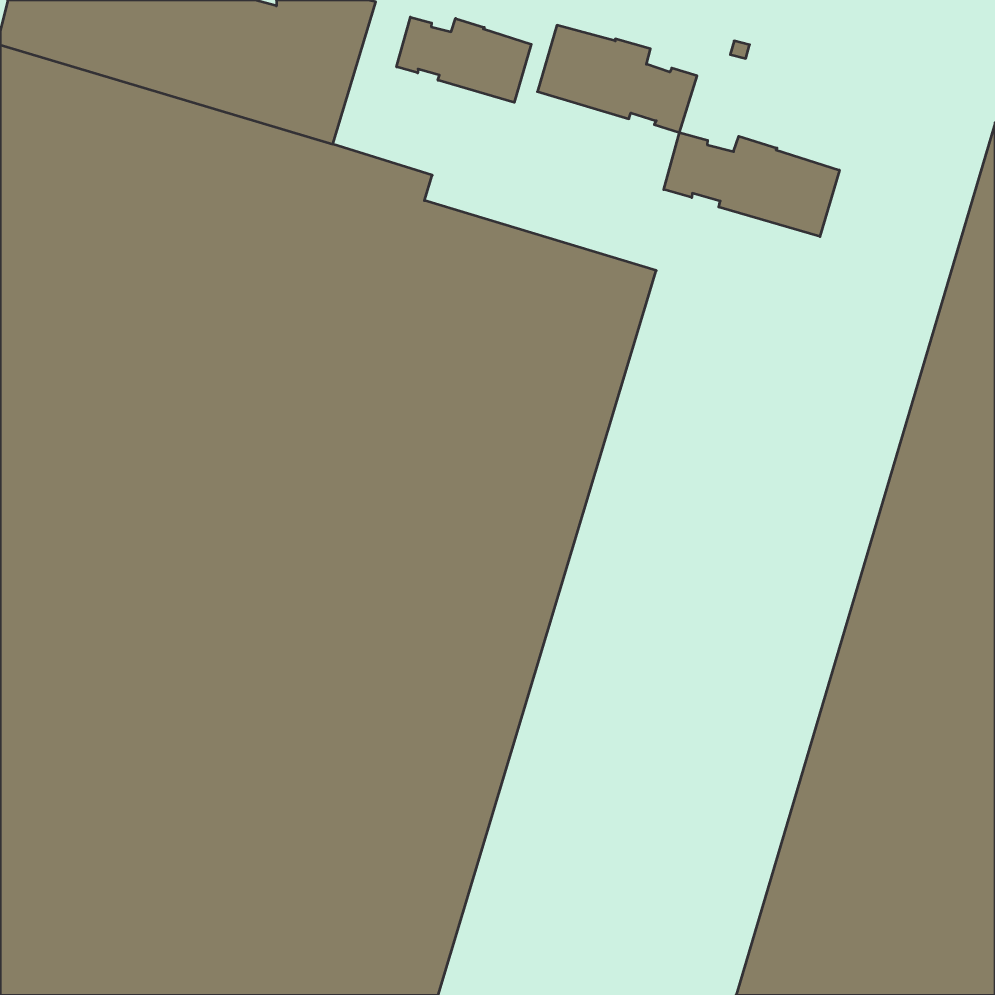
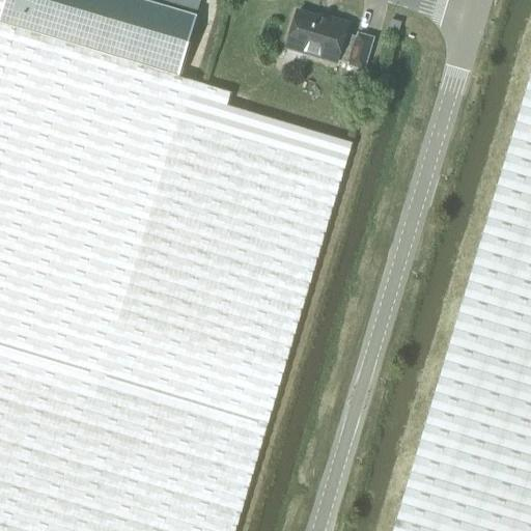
building: [397,17,531,102] -> none
building: [664,132,839,237] -> none

